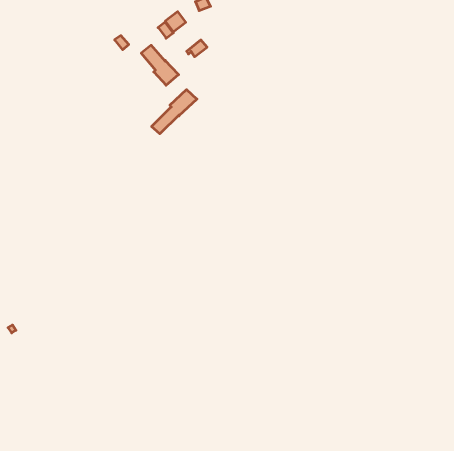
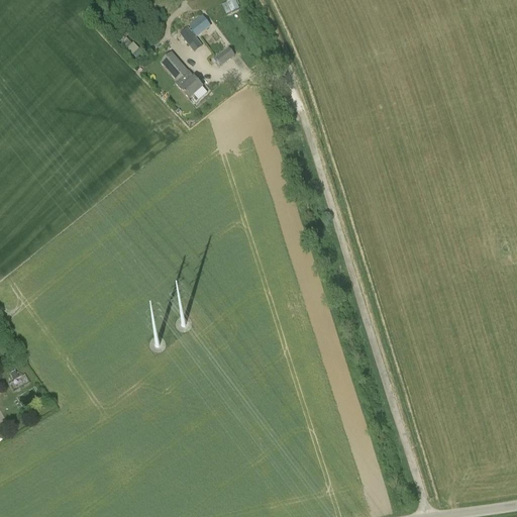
building: [152,90,197,134] -> none

